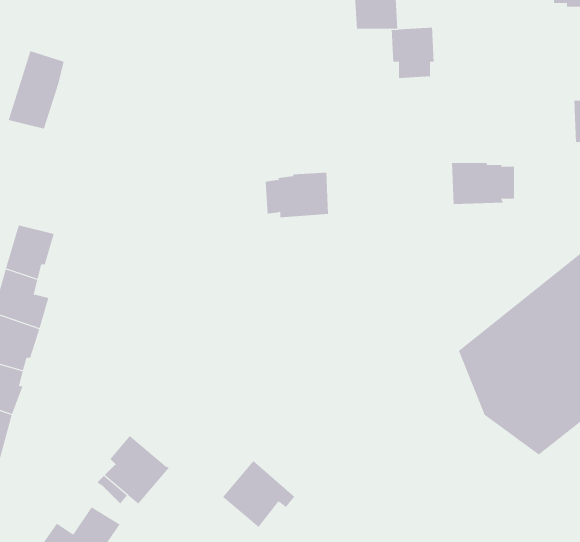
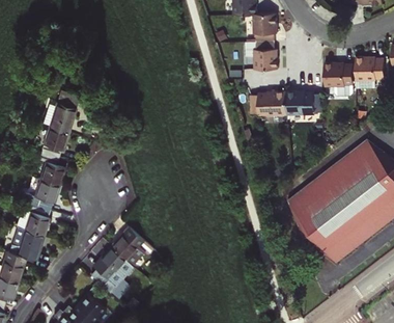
building: [8,51,64,129] -> [44,89,76,134]
building: none -> [257,45,281,73]
building: none -> [329,63,357,97]
building: [265,172,329,218] -> [254,93,290,119]
building: [222,460,295,528] -> [107,227,148,266]

